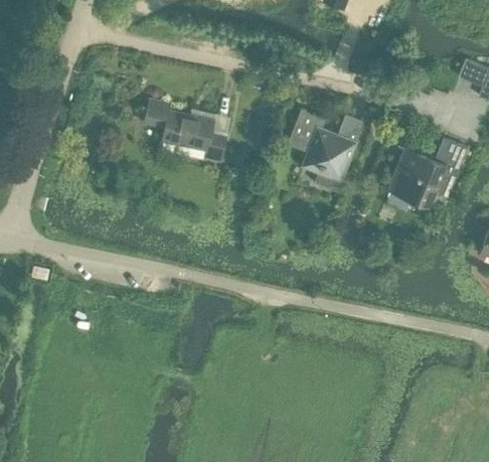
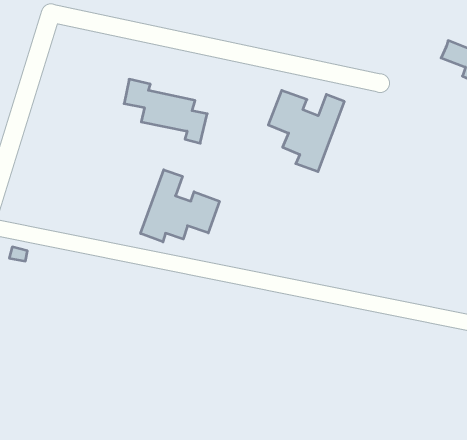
building: [390,138,468,206] -> none
building: none -> [141,170,219,242]

